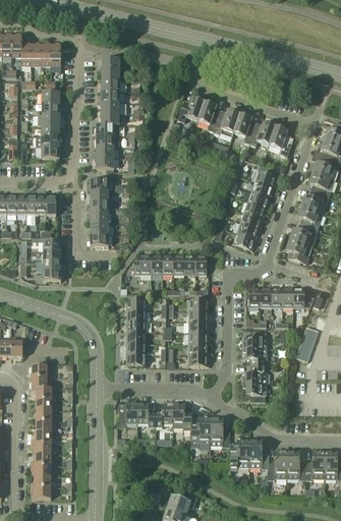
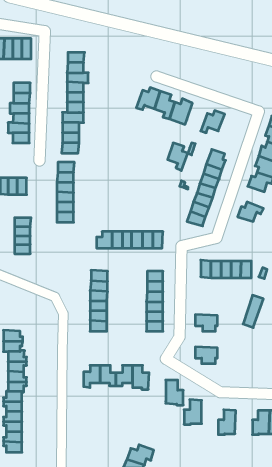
building: [233,114,255,144] -> [168,143,188,171]
building: [268,126,293,158] -> none
building: [297,206,323,230] -> none
building: [286,239,311,264] -> none
building: [242,330,267,348] -> none
building: [242,365,267,384] -> none
building: [190,419,210,446] -> none
building: [249,442,269,468] -> none
building: [286,453,305,479] -> none

